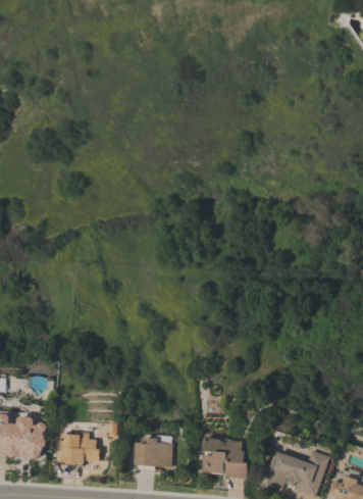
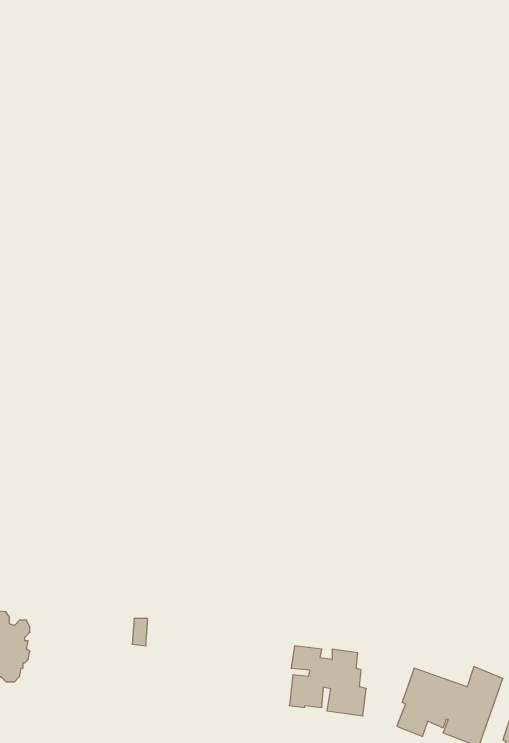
building: [60,432,99,465] -> none
building: [133,434,172,471] -> none

